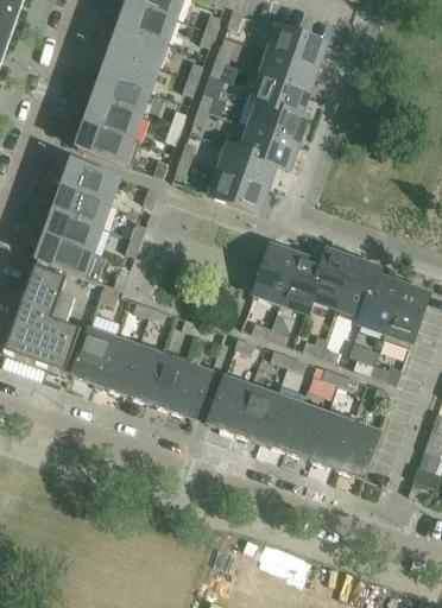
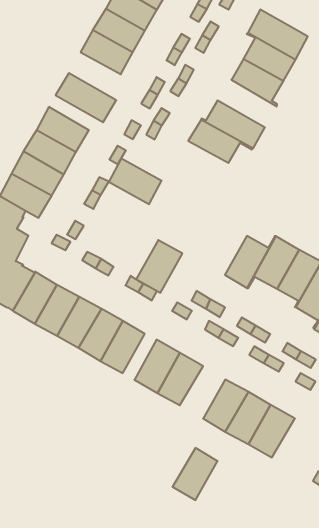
building: [87,96,141,139] -> none
building: [244,97,305,140] -> none
building: [213,167,266,209] -> [109,159,162,204]
building: [255,245,298,298] -> [136,240,182,293]
building: [260,395,302,449] -> [172,448,218,500]

